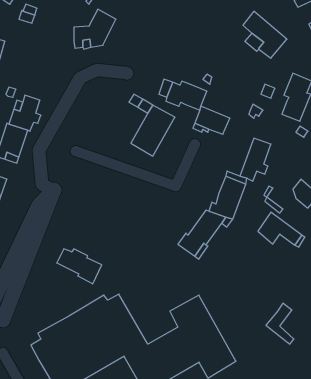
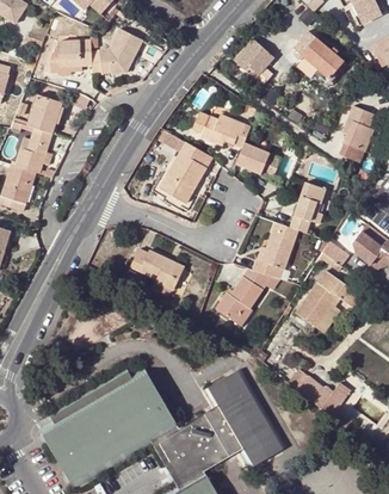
building: none -> [233,39,274,87]
building: none -> [49,41,91,74]
building: none -> [26,94,62,134]
building: none -> [296,294,328,328]
building: [57,249,102,284] -> [129,251,183,292]
building: none -> [288,366,333,406]

